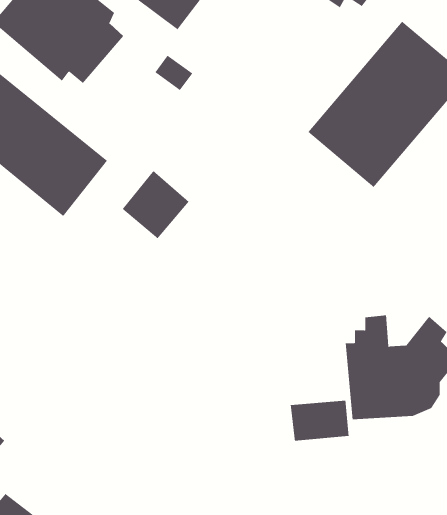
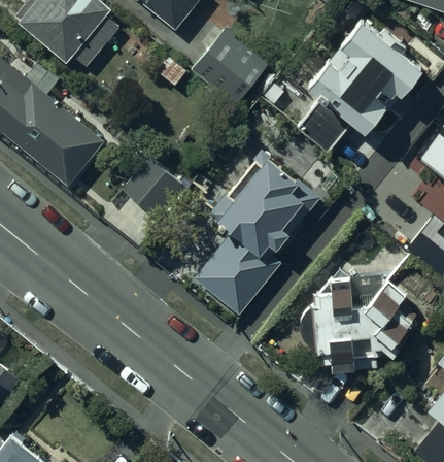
building: none -> [187,33,257,100]
building: none -> [194,155,330,316]
building: [290,400,349,442] -> none

